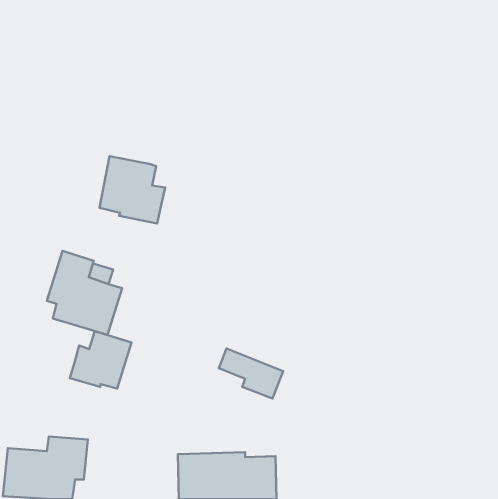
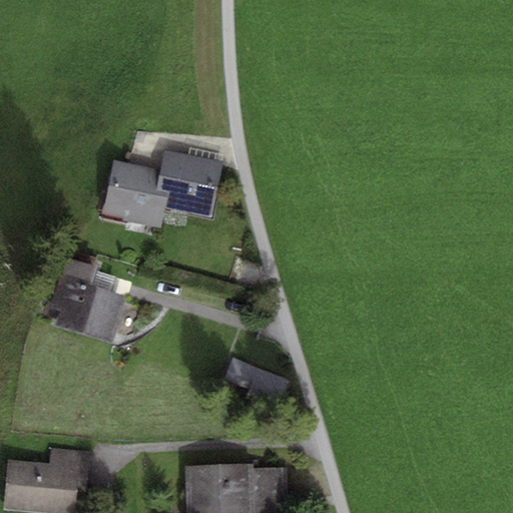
building: none -> [156,151,221,219]
building: [70,332,131,388] -> none

